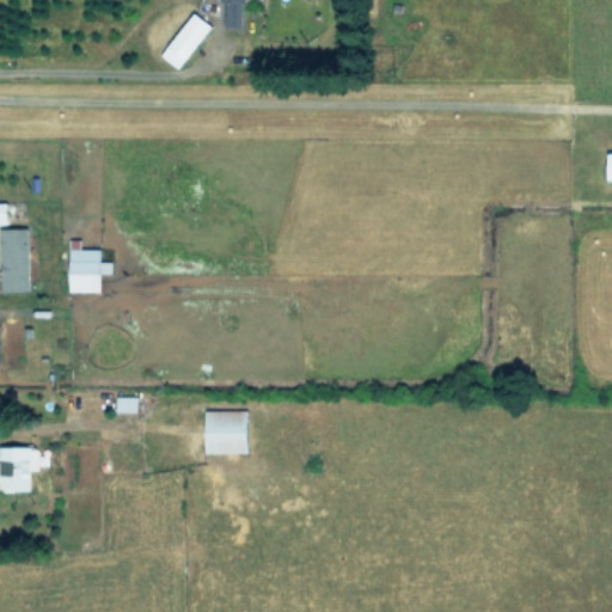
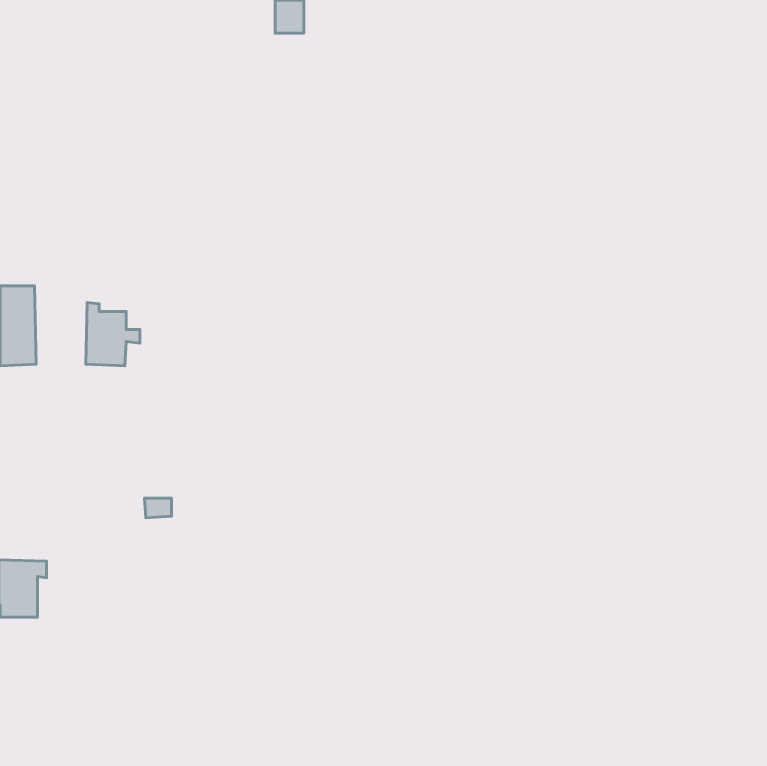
building: [160,13,212,69] -> none
building: [203,411,246,454] -> none

